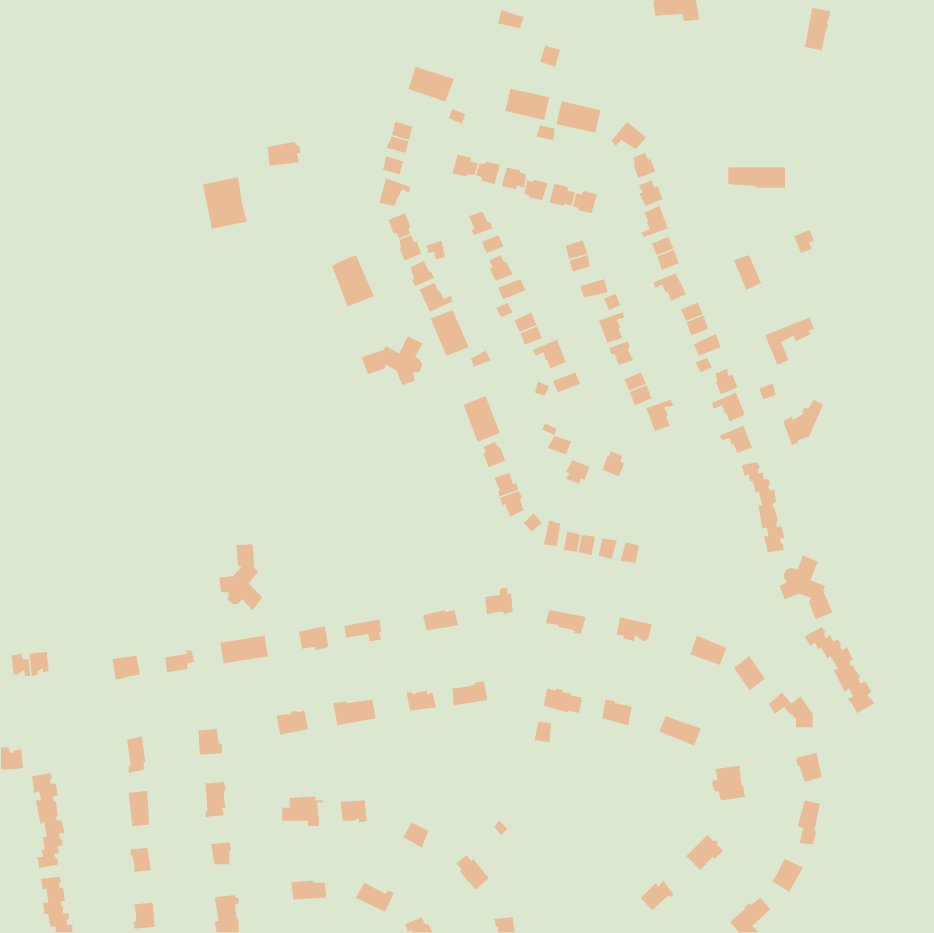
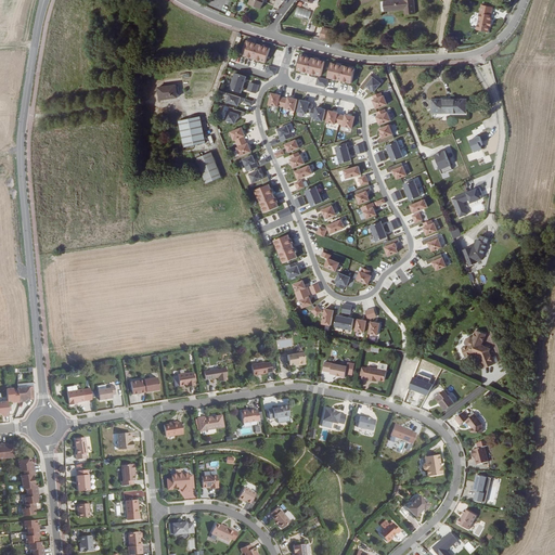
building: [202,177,248,230] -> [179,115,206,146]
building: [361,335,423,386] -> none
building: [741,462,785,553] -> none
building: [219,543,263,611] -> none
building: [803,626,875,714] -> none

